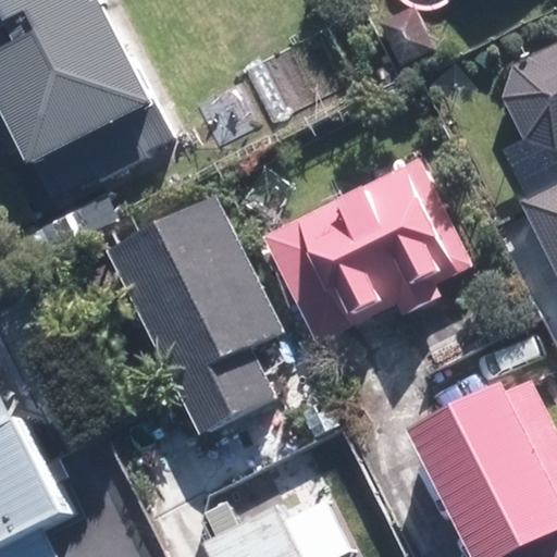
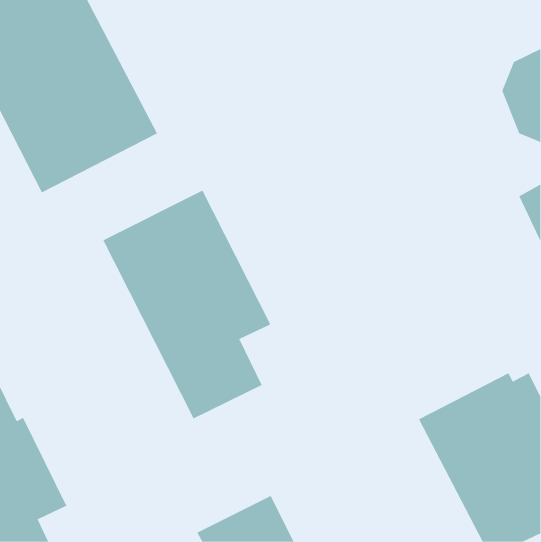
building: [270,154,486,344] -> none

